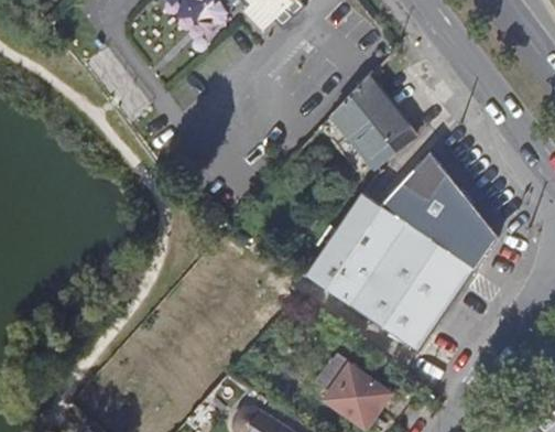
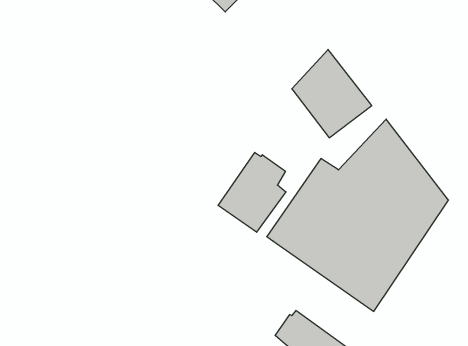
building: none -> [218,152,286,232]

